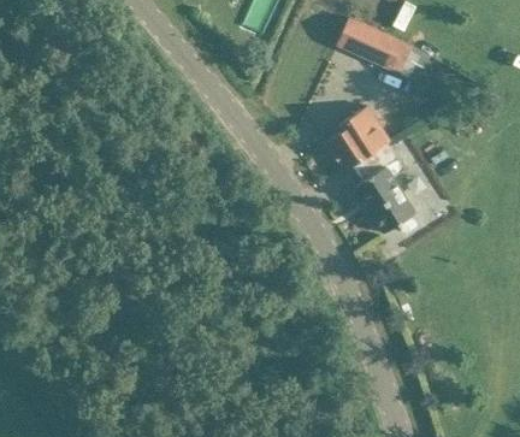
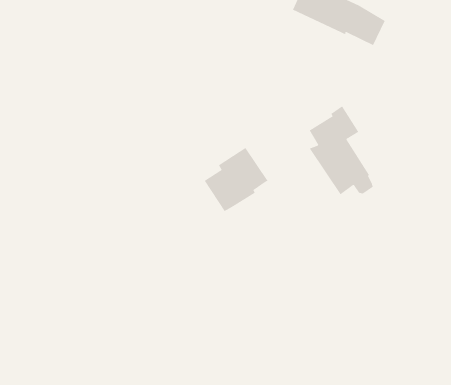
building: [324,106,389,171] -> [204,147,269,212]

